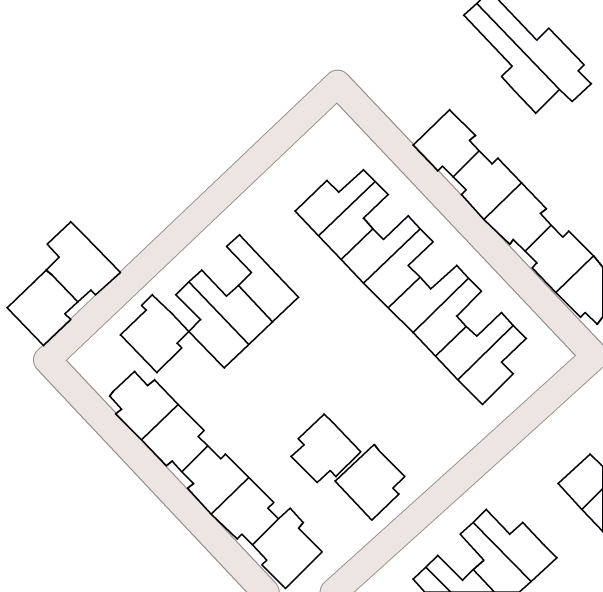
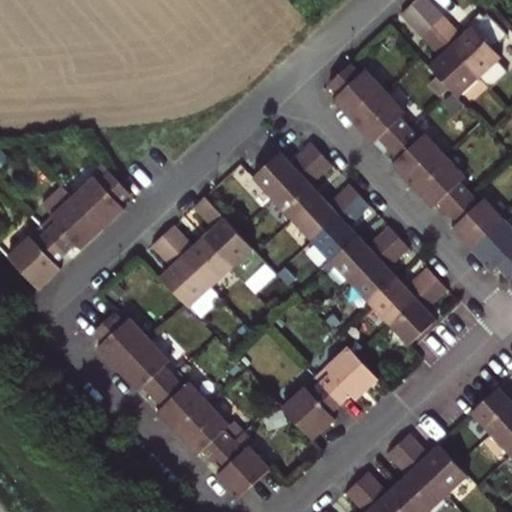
building: none -> [322,64,381,123]
building: [120,295,189,373] -> [71,165,129,231]
building: [291,414,361,482] -> [321,346,380,404]

